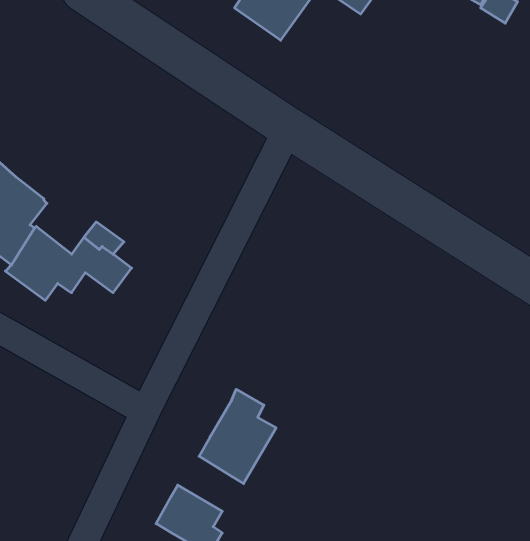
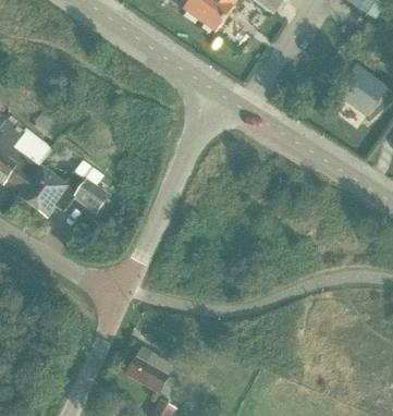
building: none -> [336,63,388,114]
building: [199,389,276,484] -> none

